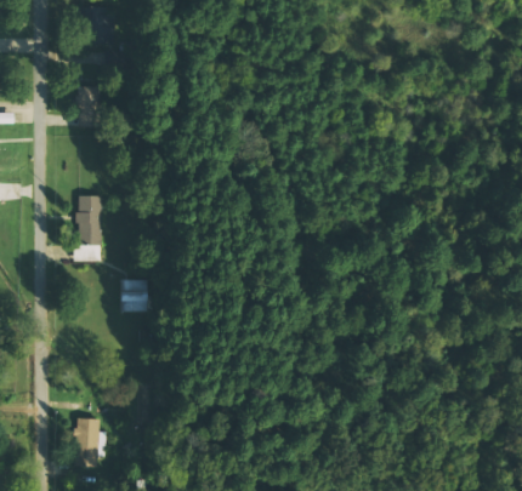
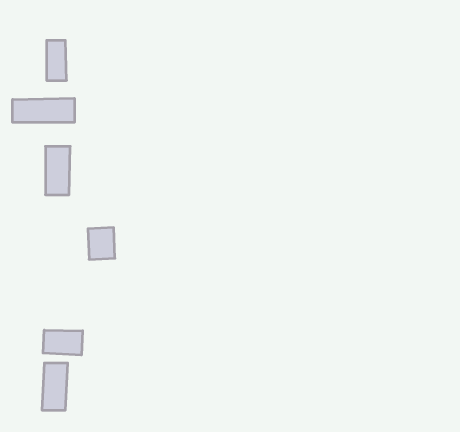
building: none -> [13,98,74,122]
building: none -> [43,330,83,355]

